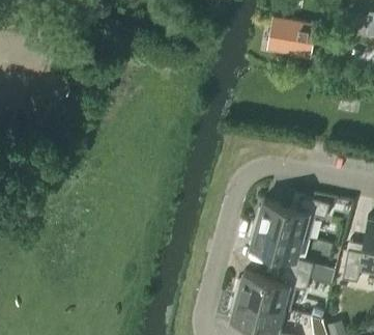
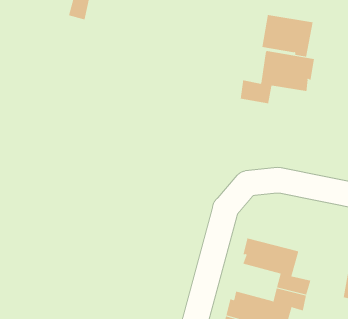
building: none -> [240,50,315,104]
building: [255,199,329,243] -> none

